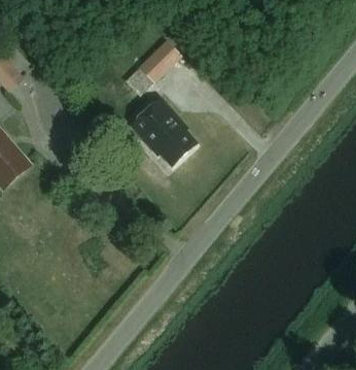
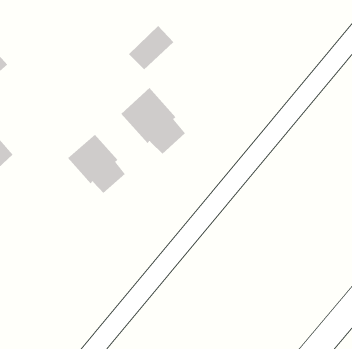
building: none -> [67,134,126,194]

